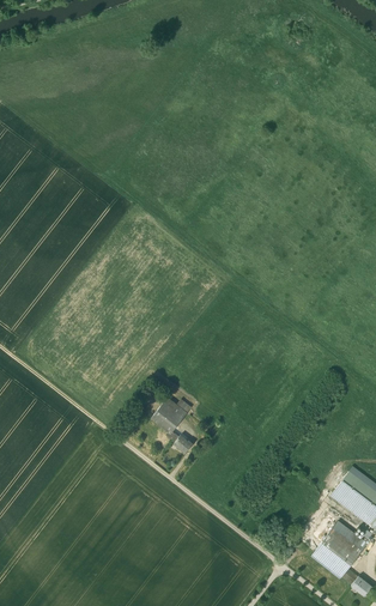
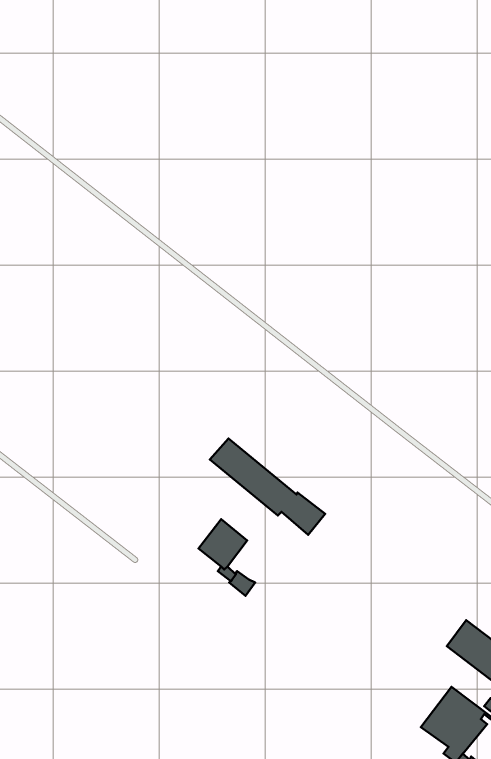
building: none -> [210,439,325,535]

